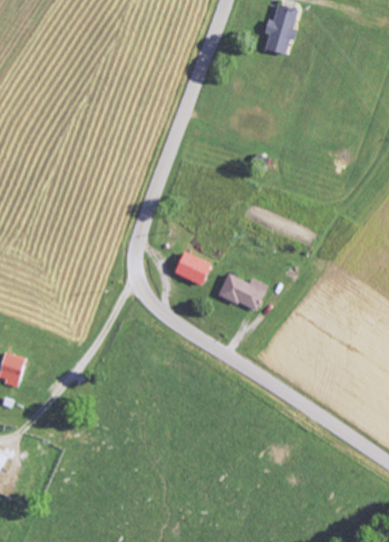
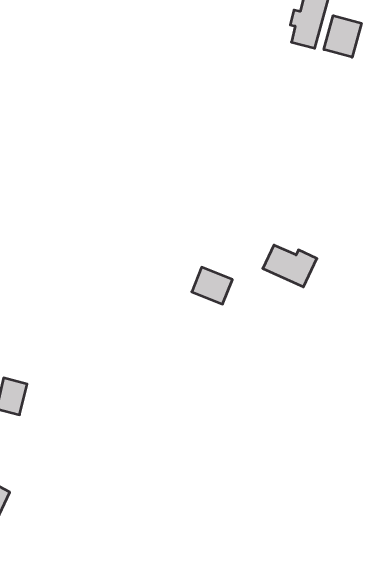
building: none -> [324,16,361,57]
building: [217,273,266,311] -> [263,245,317,287]

